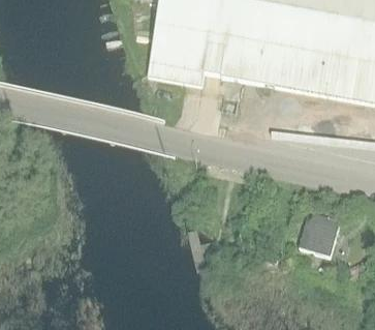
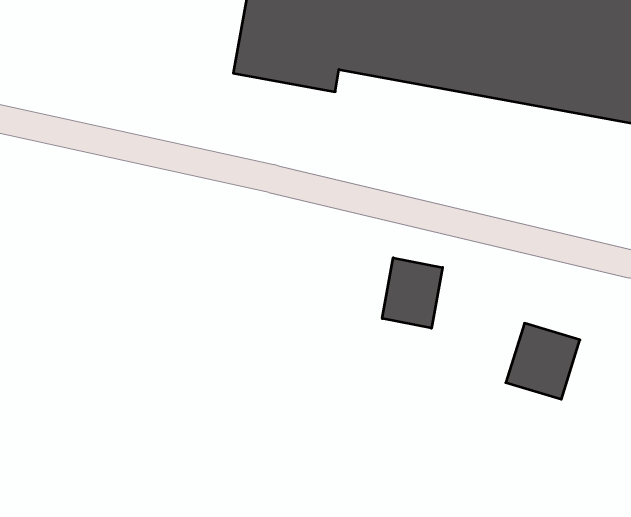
building: none -> [382,258,443,328]

